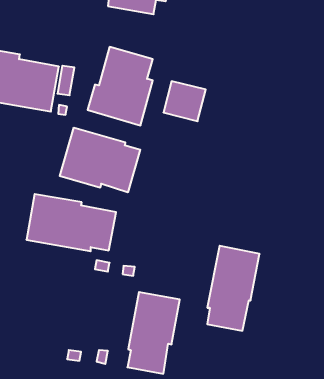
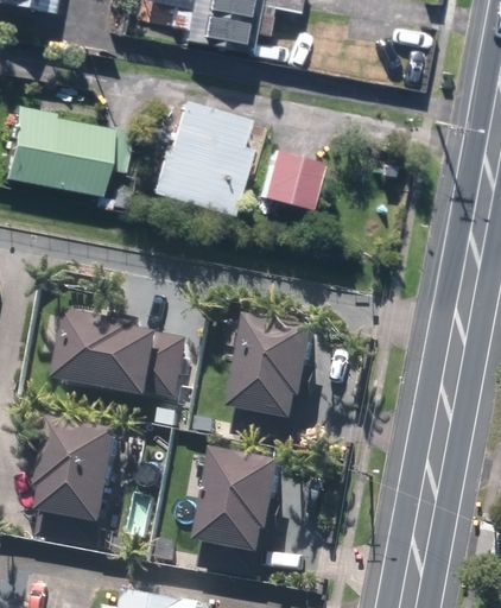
building: [60,128,140,192] -> none
building: [207,246,260,331] -> [233,317,309,441]
building: none -> [32,418,116,544]

